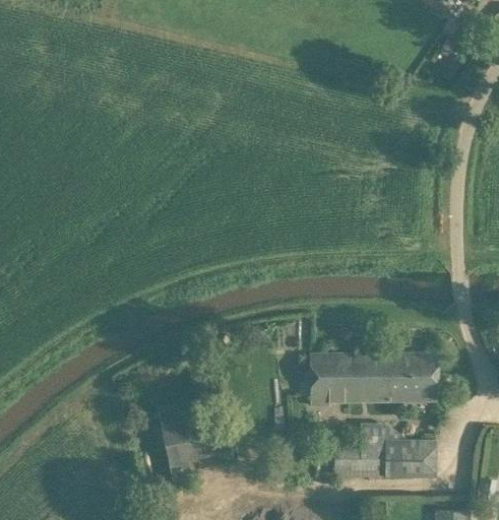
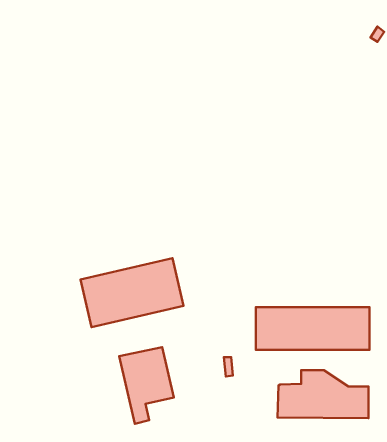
building: none -> [81,258,184,327]

